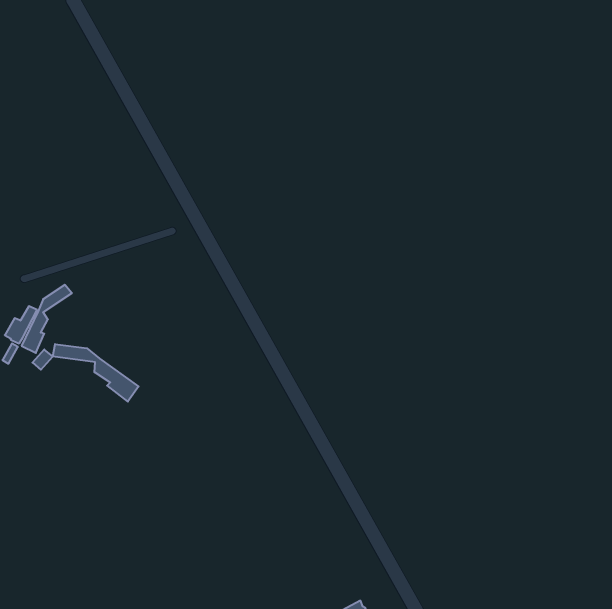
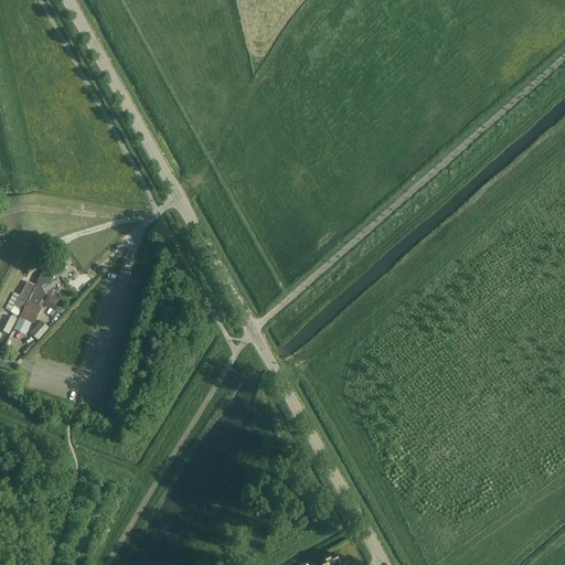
building: [53,344,139,402] -> none

